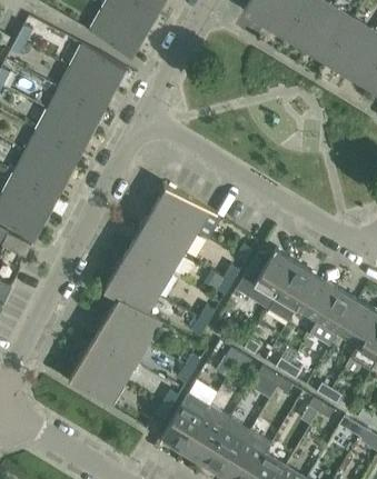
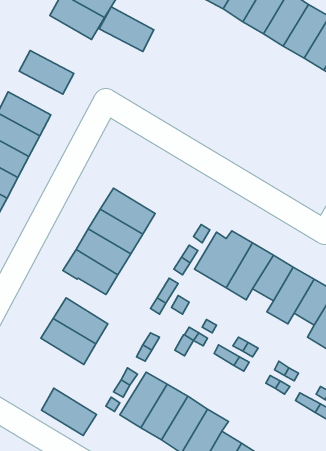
building: [70,44,126,90] -> [99,7,154,52]
building: [48,88,103,132] -> none
building: [155,186,210,232] -> none
building: [107,298,162,345] -> none
building: [69,359,125,407] -> [42,388,96,435]

